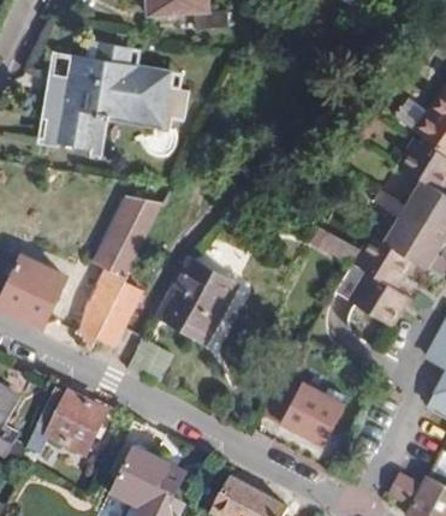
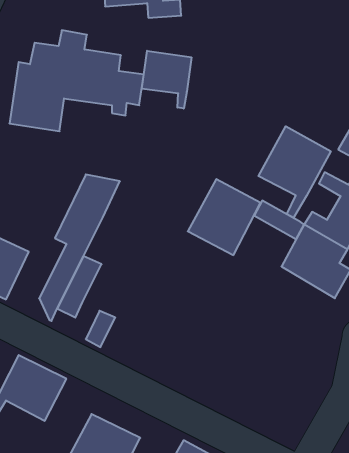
building: none -> [142,51,191,109]
building: none -> [258,126,331,218]
building: [159,257,236,338] -> [188,179,261,255]
building: [261,376,346,444] -> none

